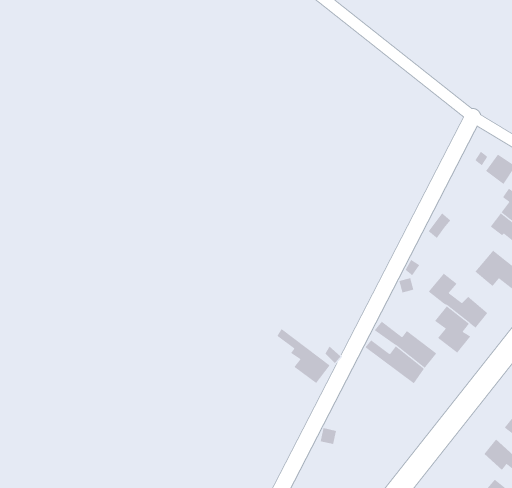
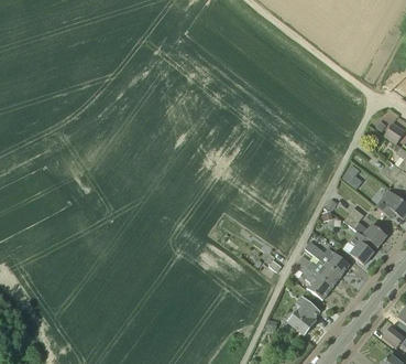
building: [276,328,330,384] -> [295,259,333,299]
building: none -> [287,296,320,334]

